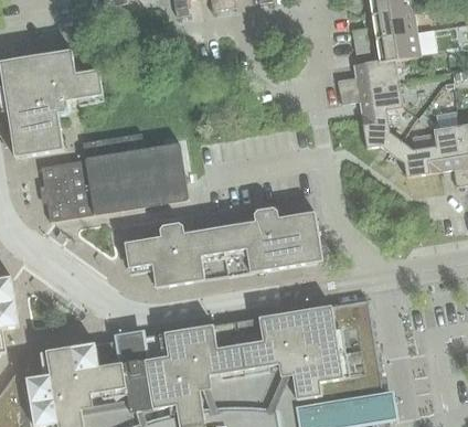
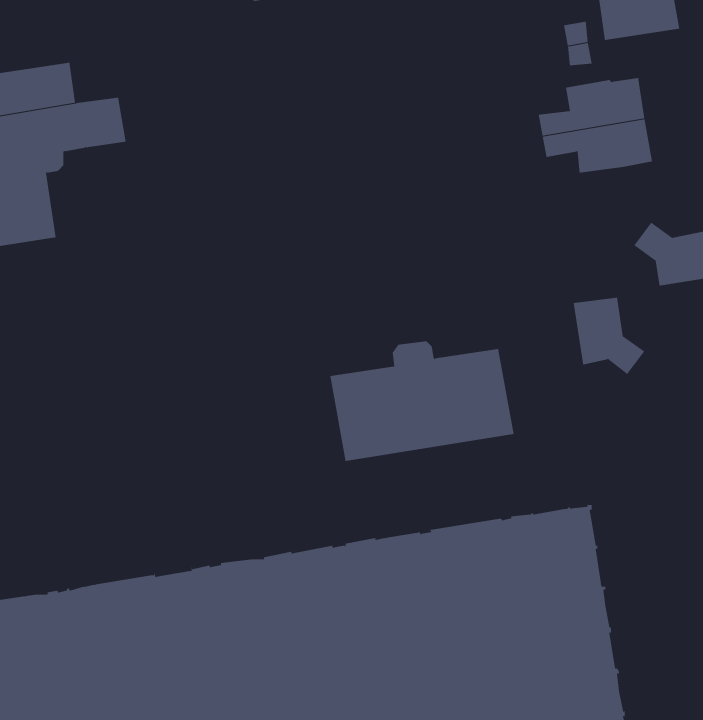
building: [374,30,421,60] -> none
building: [360,108,401,152] -> [573,297,645,375]
building: [40,130,189,220] -> none
building: [125,222,227,287] -> none

